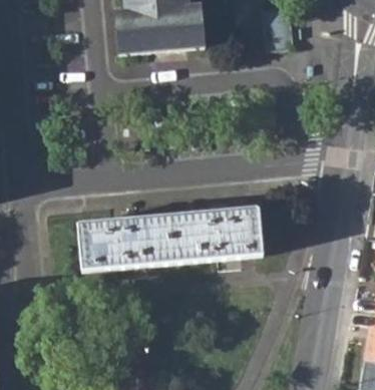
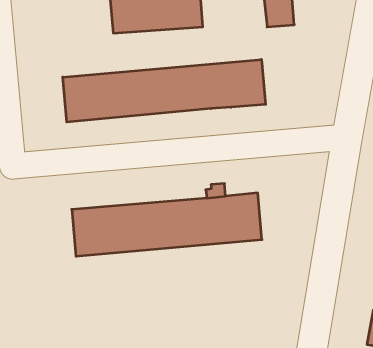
building: none -> [63,59,266,122]

